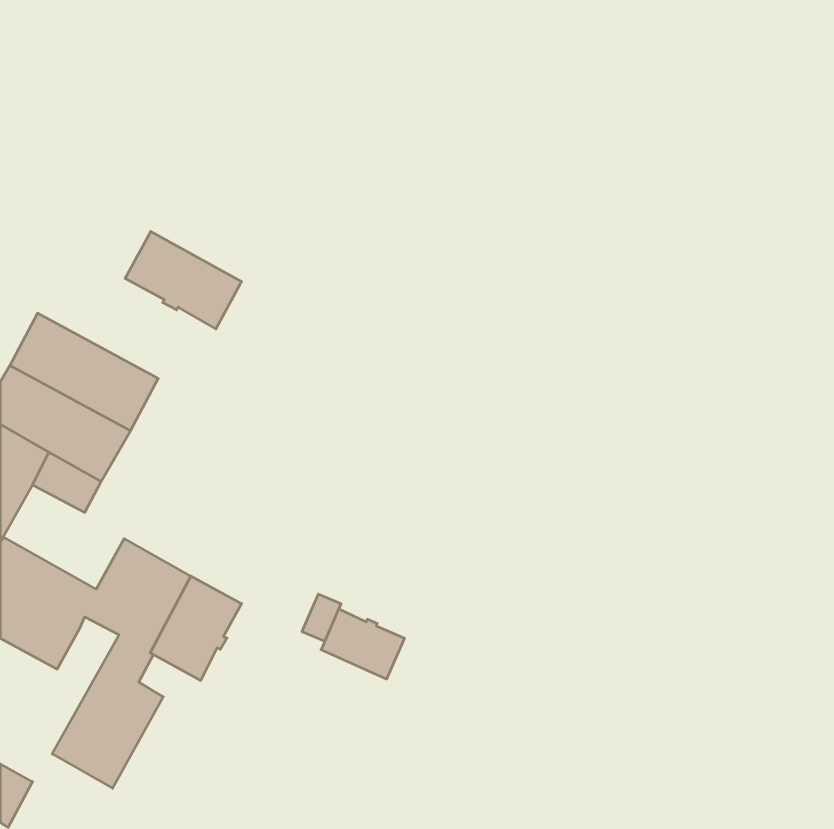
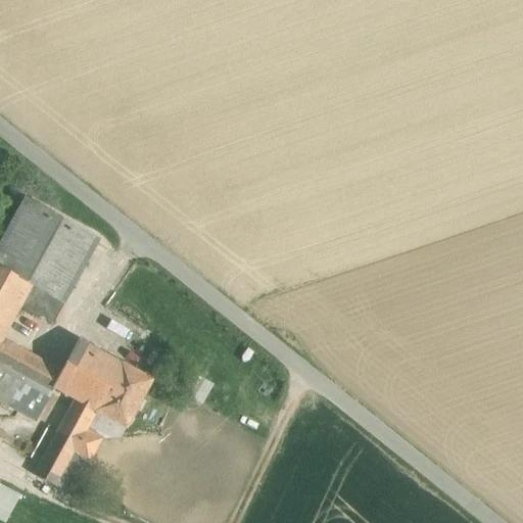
building: [125,231,242,329] -> none
building: [321,609,404,679] -> none

